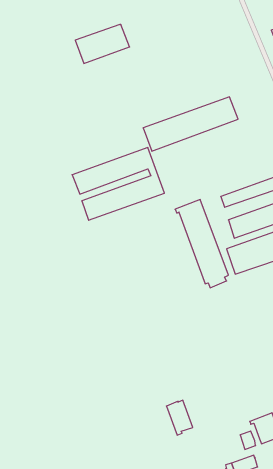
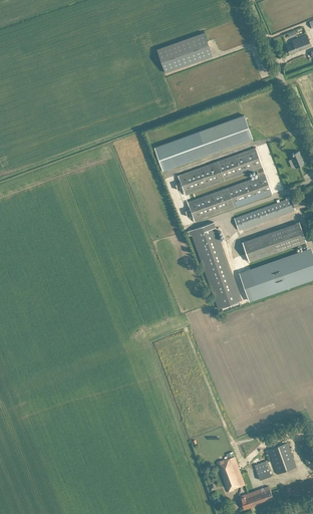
building: [75,25,130,63] -> [156,32,213,72]
building: [72,148,164,220] -> [178,147,273,222]
building: [166,400,193,435] -> [218,456,245,492]

